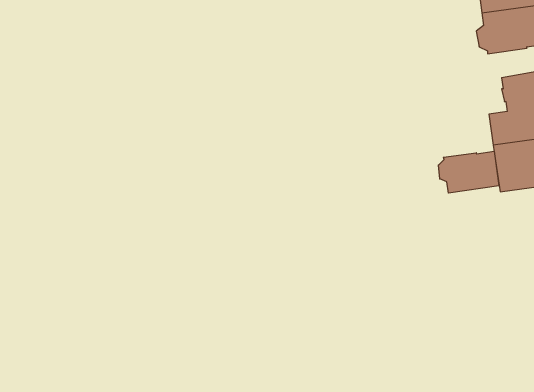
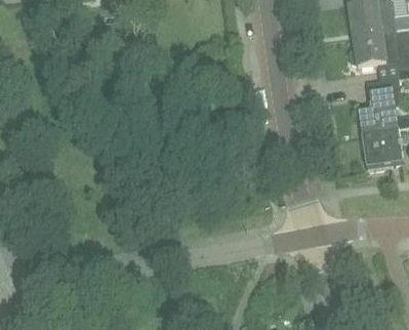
building: [438,151,499,193] -> none

